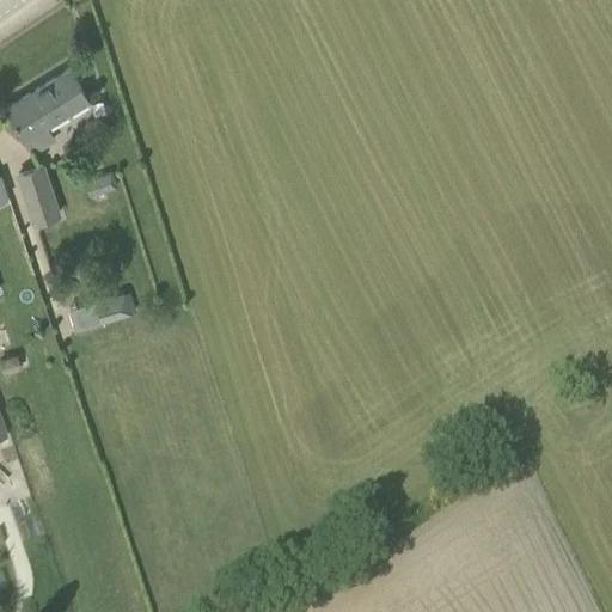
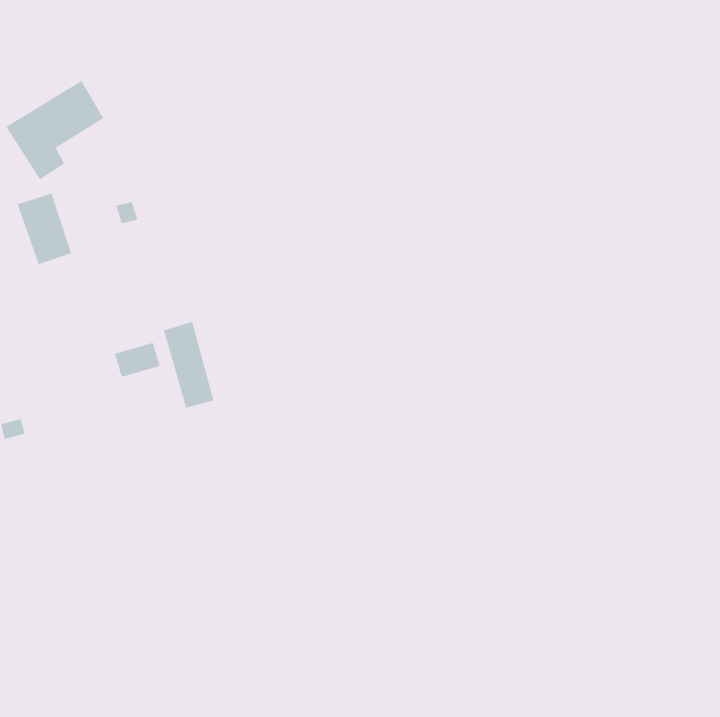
building: none -> [163,321,214,409]

